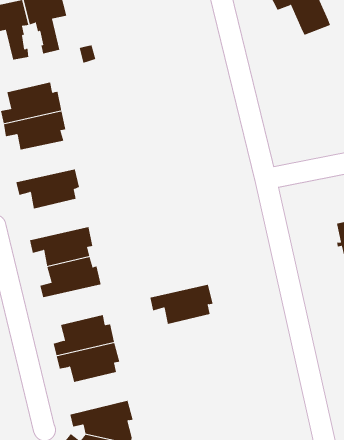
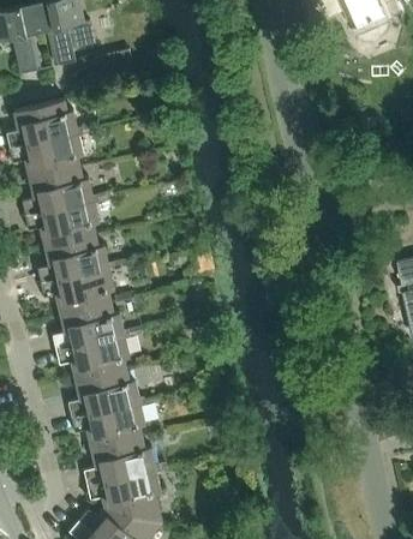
building: none -> [22,167,95,215]
building: none -> [37,234,110,282]
building: [149,284,214,324] -> [56,334,131,381]
building: none -> [84,436,156,485]

